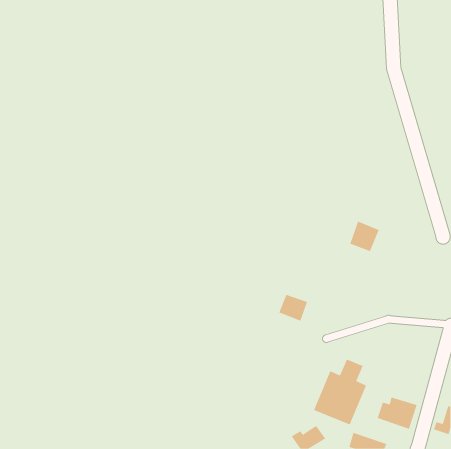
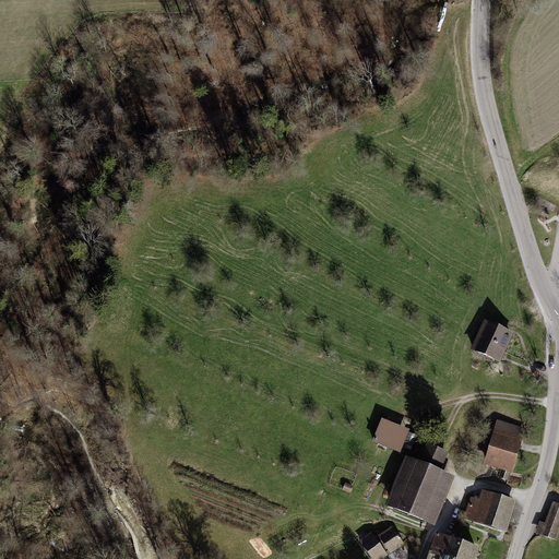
building: [349,221,379,252] -> [474,321,511,359]
building: [279,294,308,321] -> [370,419,406,453]
building: none -> [486,419,526,471]

